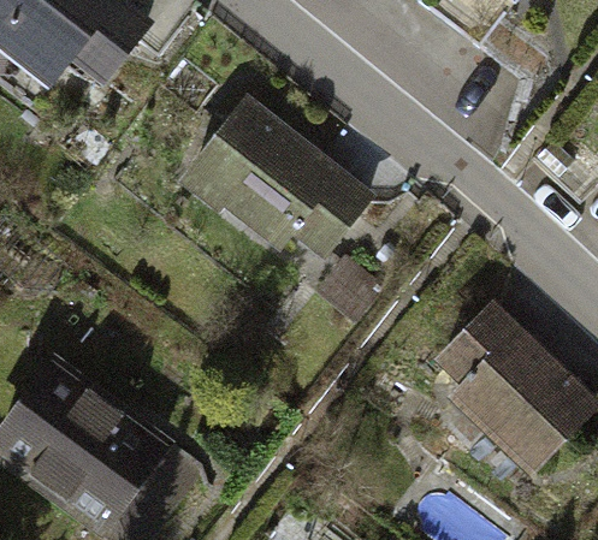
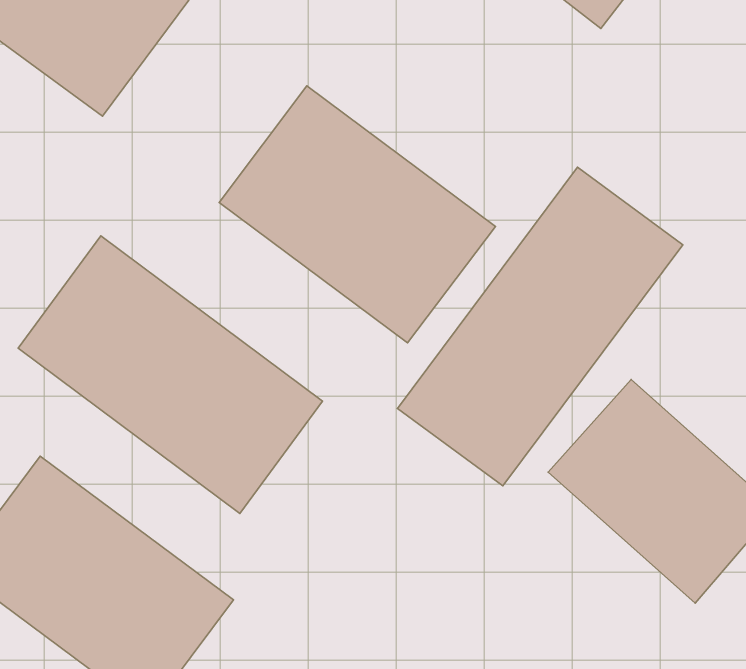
building: none -> [397,167,683,486]
building: none -> [18,236,323,513]

